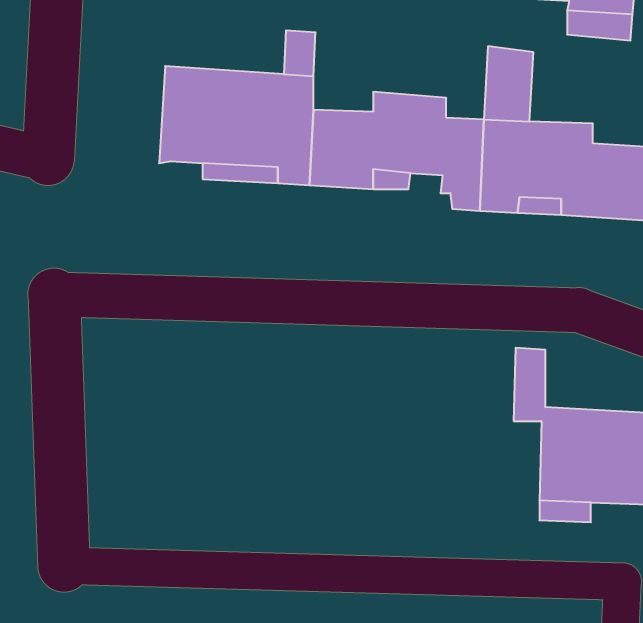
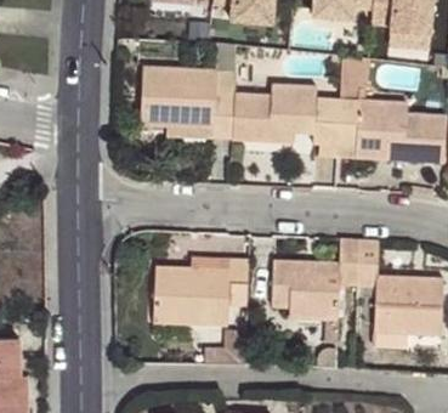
building: none -> [273,238,358,319]
building: none -> [153,259,249,324]

